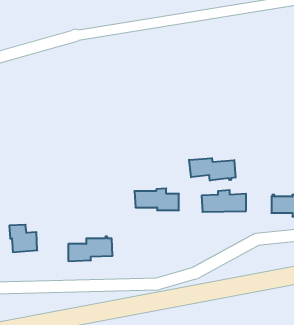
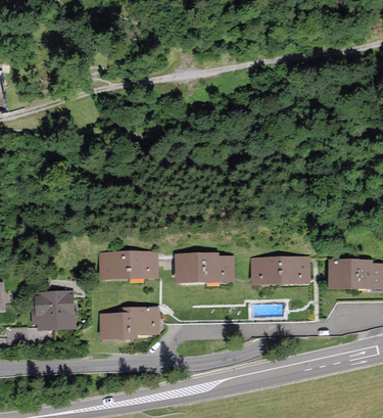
building: [189,158,235,181] -> none
building: none -> [104,251,154,276]

